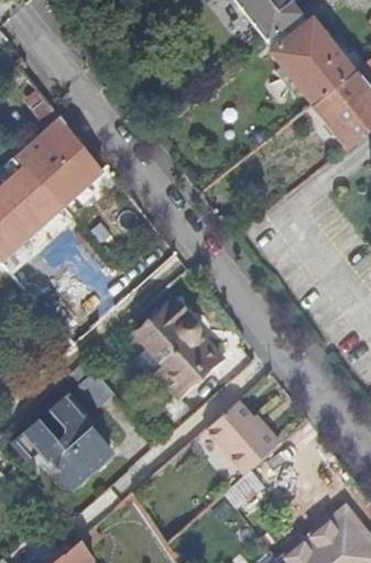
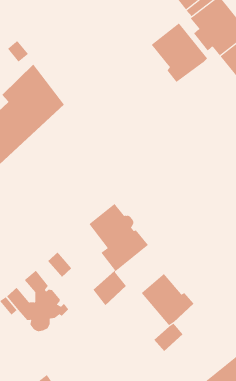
building: none -> [151,22,208,83]

